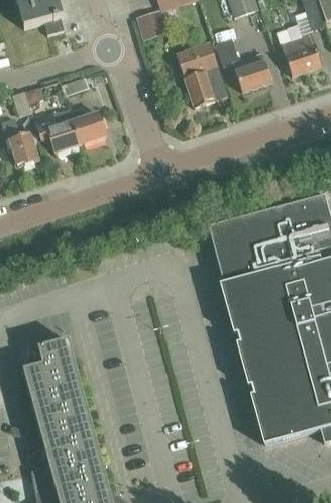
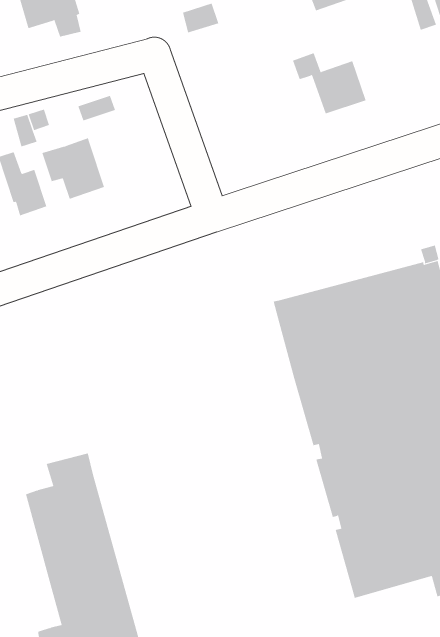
building: [282,24,322,75] -> none
building: [177,40,227,107] -> none
building: [70,106,107,144] -> none

